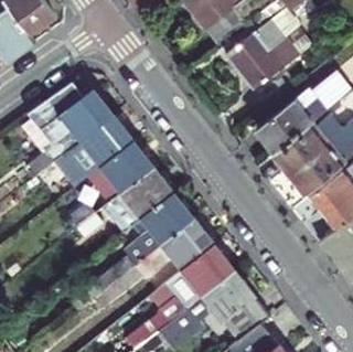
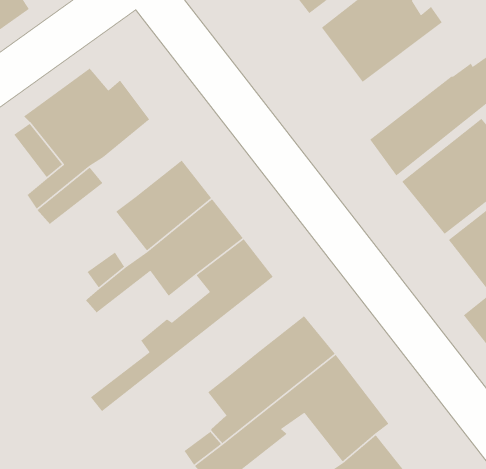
building: [82,116,133,167] -> none
building: [96,220,214,307] -> none

